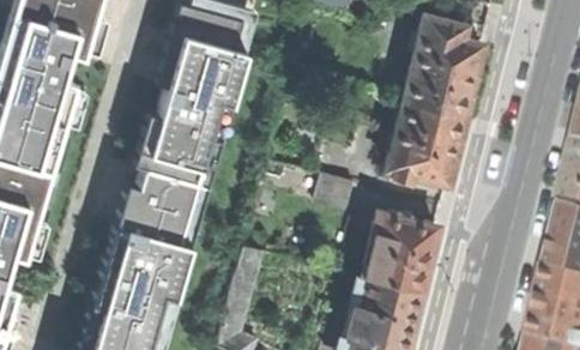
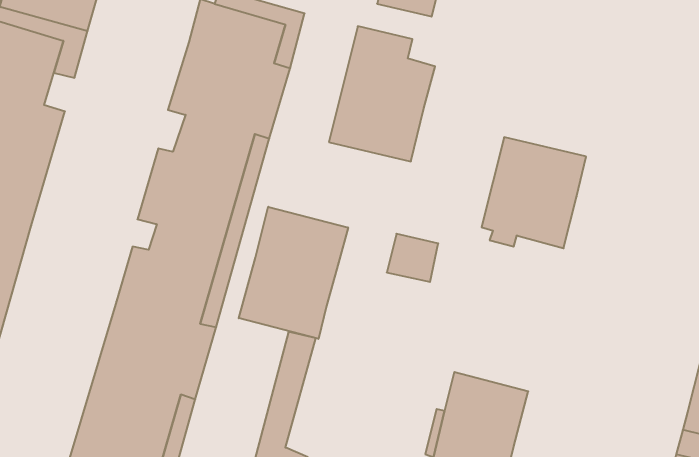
building: [401,17,481,117] -> [329,26,435,161]
building: none -> [239,207,348,339]
building: [361,212,435,292] -> none

